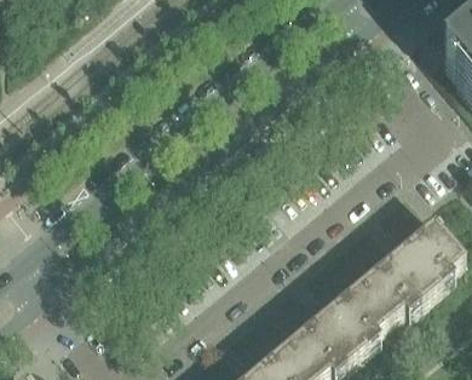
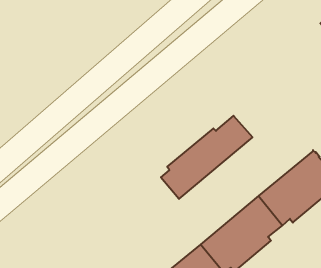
building: none -> [161,116,252,199]

